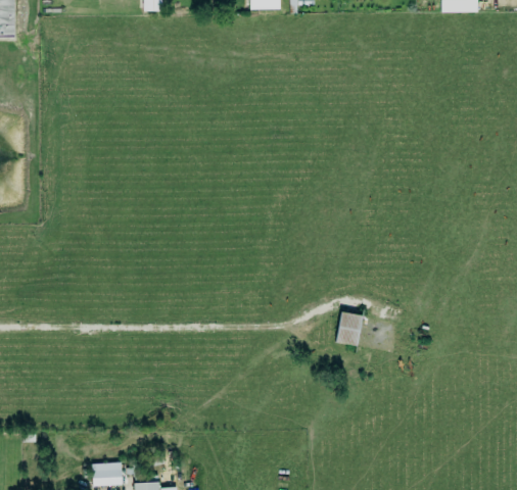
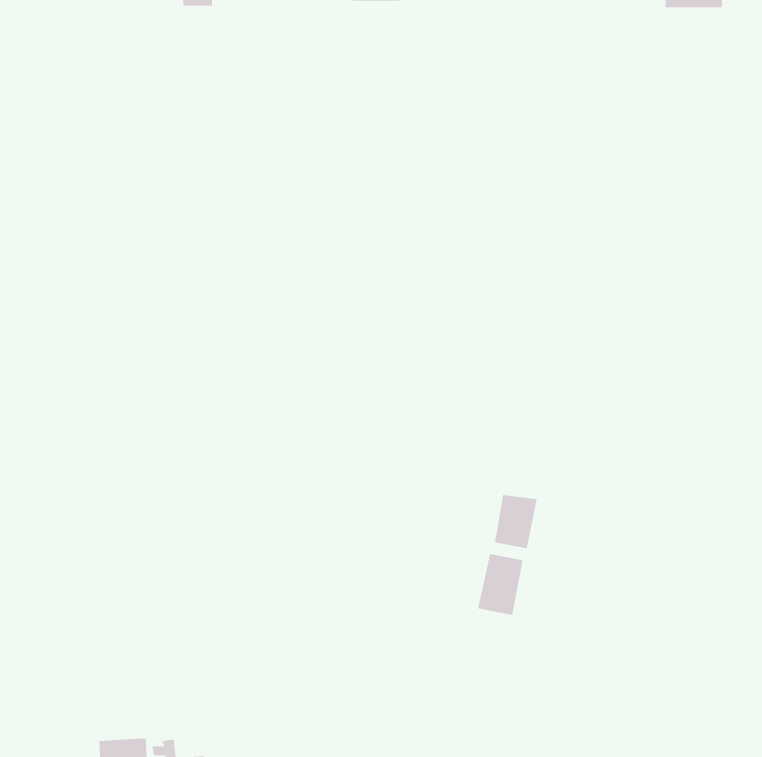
building: none -> [478,553,523,616]

